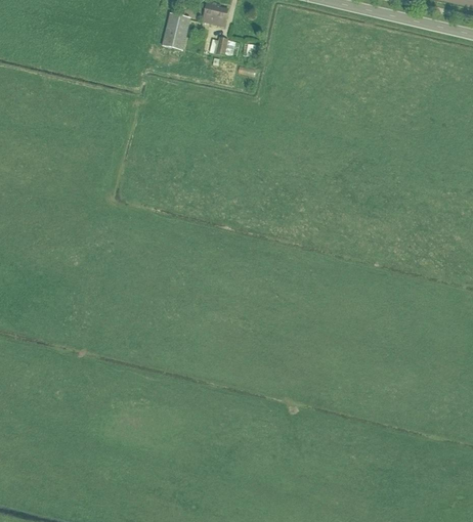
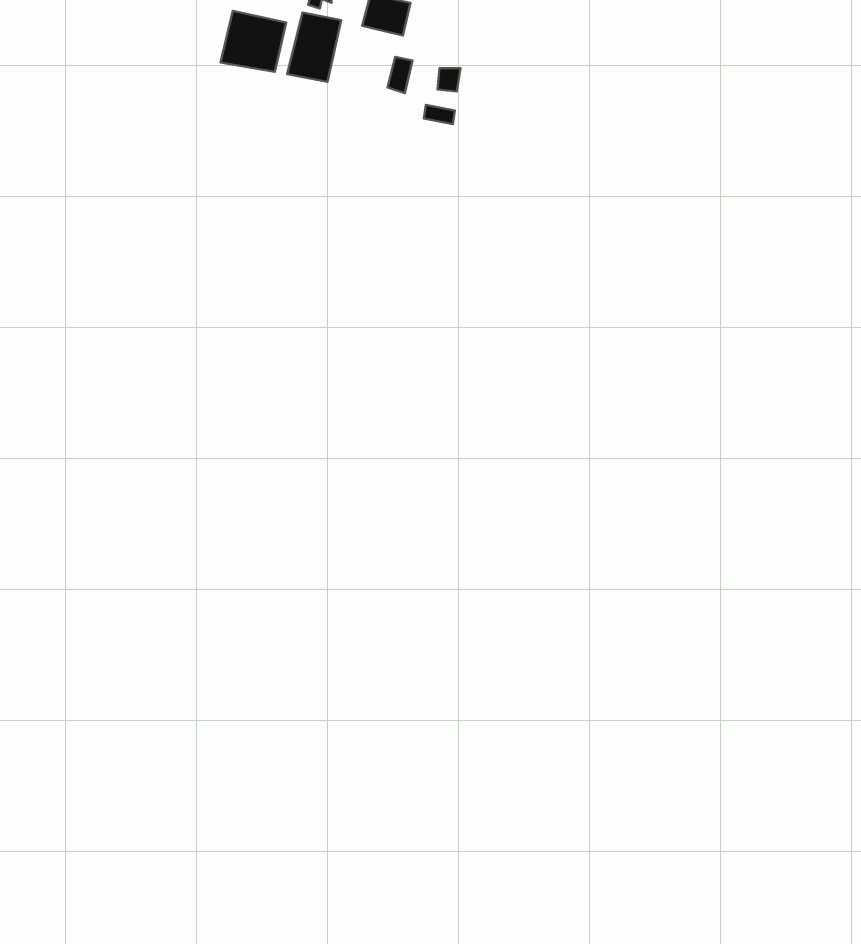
building: none -> [221,11,286,72]

